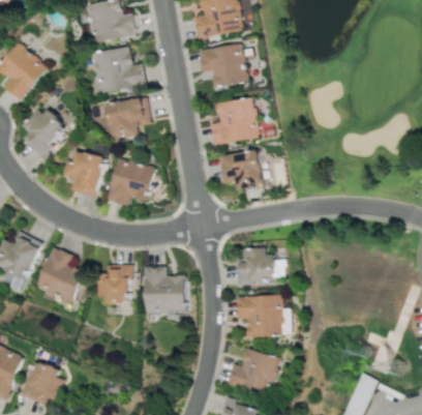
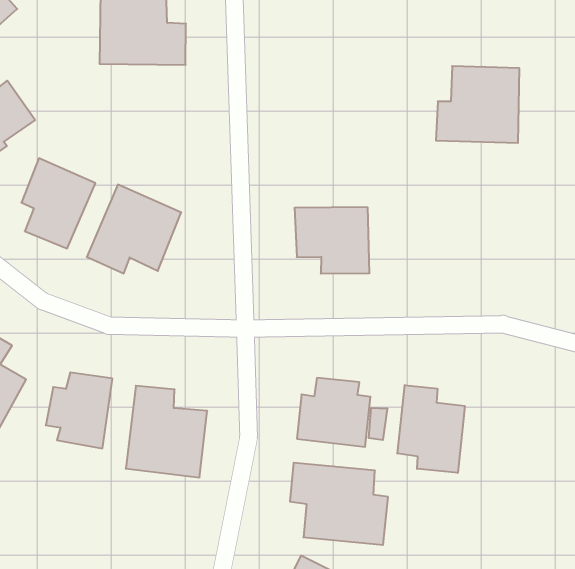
building: [199,45,246,87] -> none
building: [104,98,149,139] -> none
building: [210,98,258,145] -> [436,66,519,143]
building: none -> [397,385,465,473]

